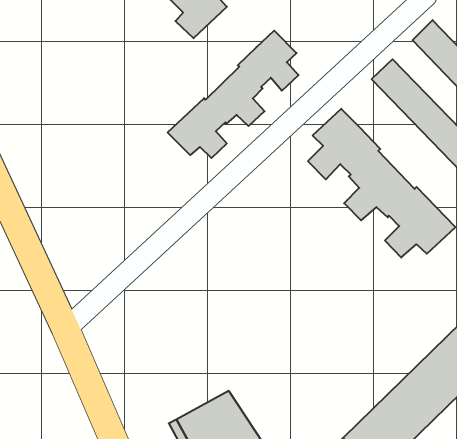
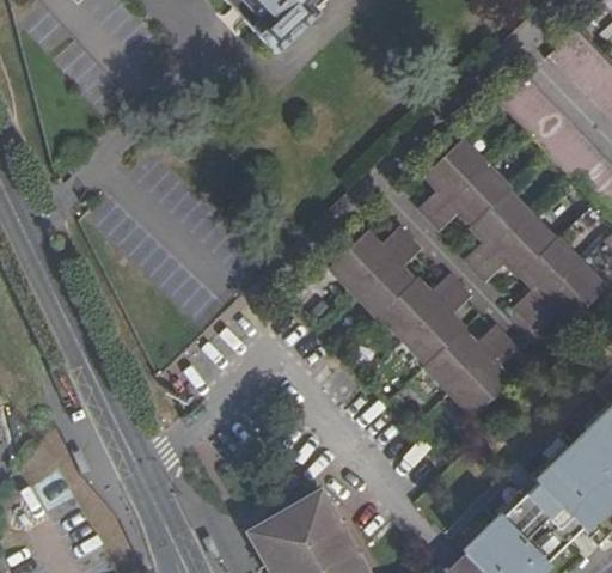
building: [168,31,299,158] -> none
building: none -> [331,227,516,415]

